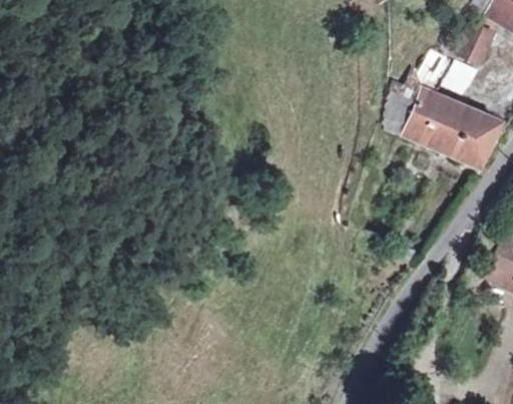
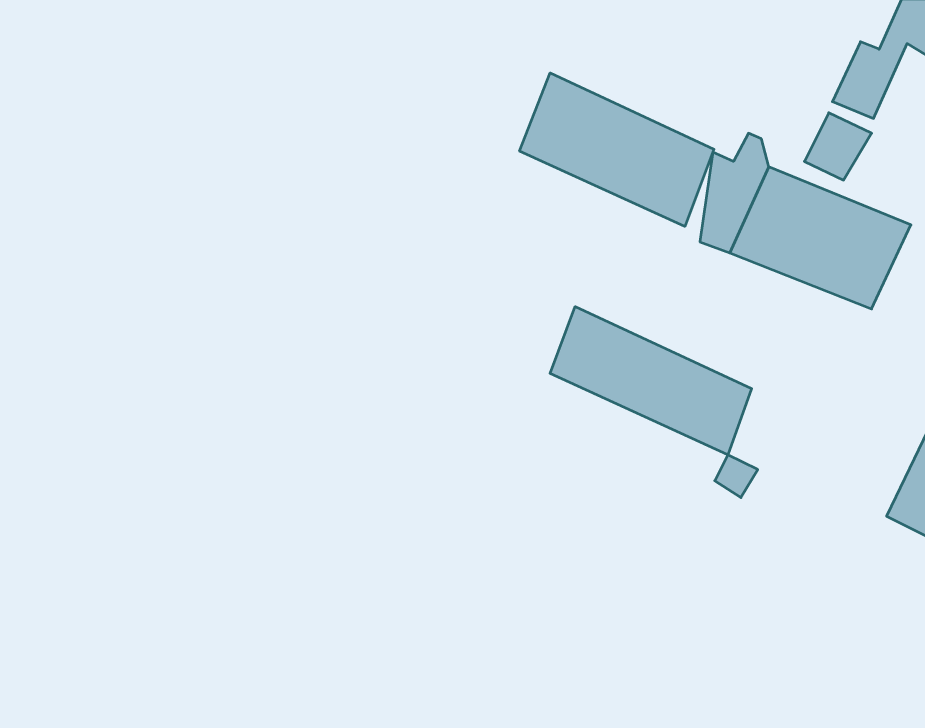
building: none -> [520,73,714,226]
building: none -> [550,307,752,455]

